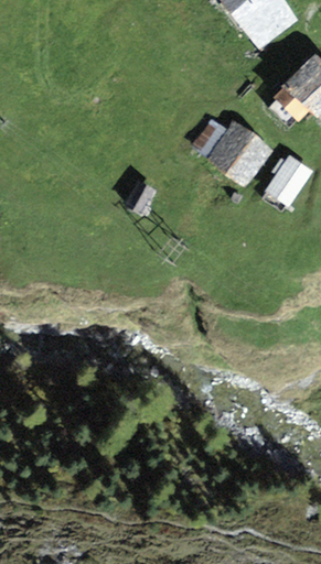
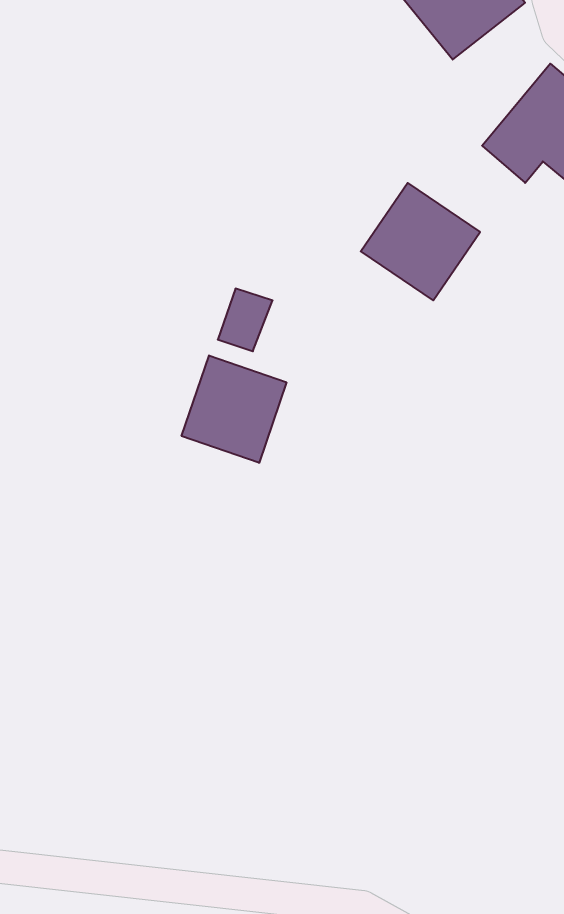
building: [264,154,311,206] -> none
building: none -> [182,355,286,463]

